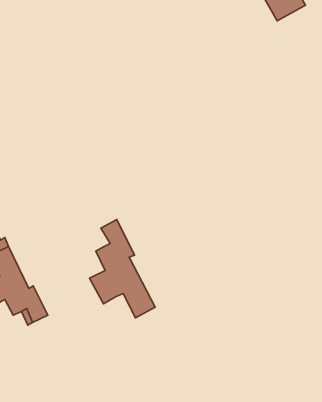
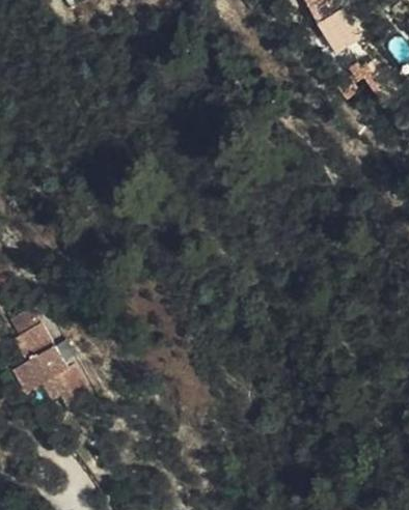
building: [90,220,155,318] -> none

